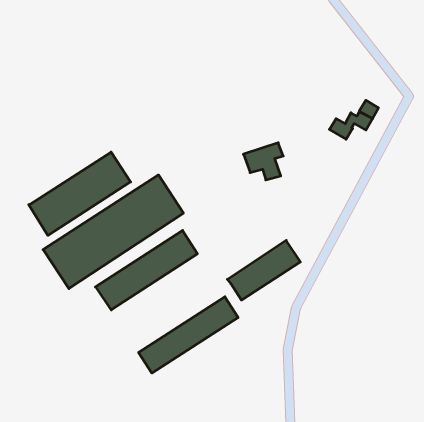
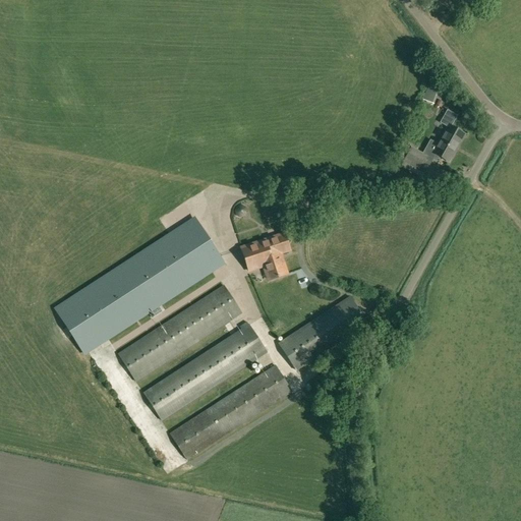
building: [243,143,283,180] -> [241,232,290,278]
building: [29,152,131,235] -> none
building: none -> [142,323,268,419]

